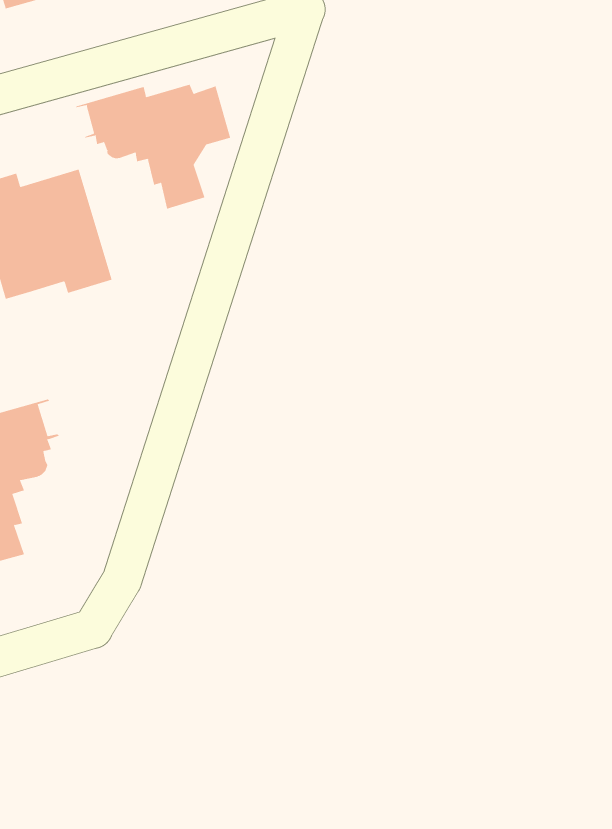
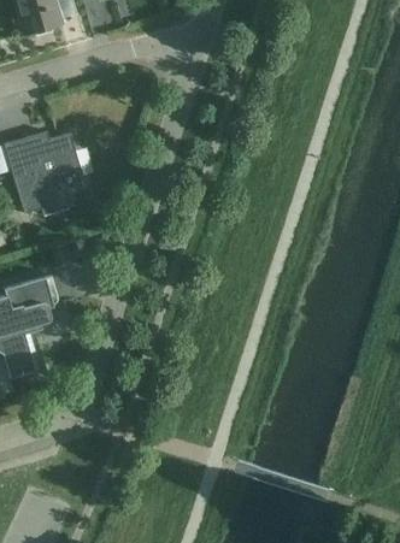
building: [76,84,231,209] -> none

